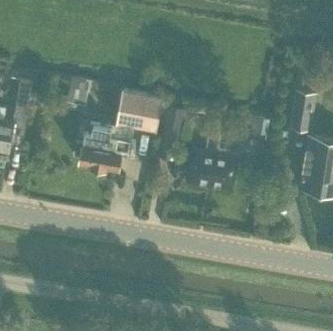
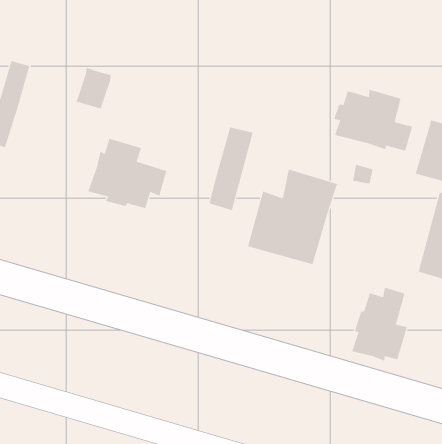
building: none -> [333,89,413,151]
building: [116,90,162,133] -> none
building: none -> [352,287,407,362]

